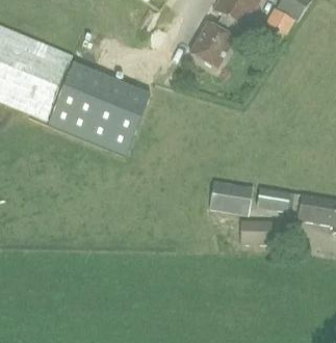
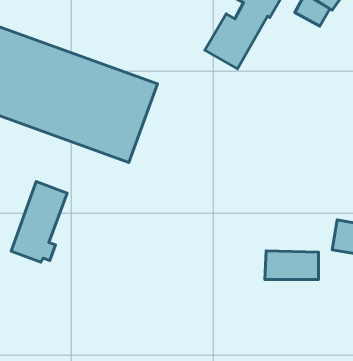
building: none -> [11,181,67,262]
building: [208,181,252,216] -> none
building: [256,188,289,211] -> none

